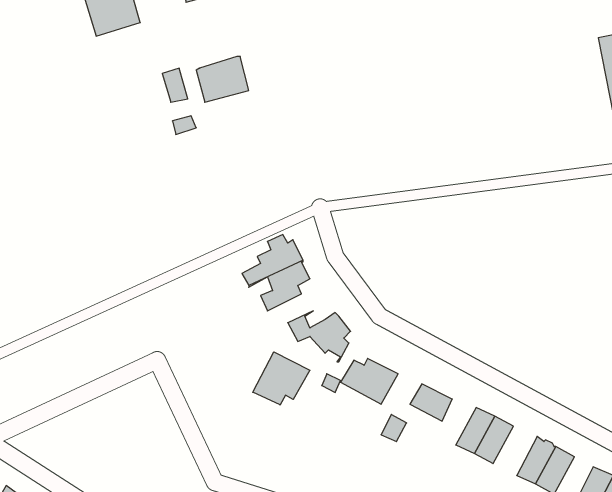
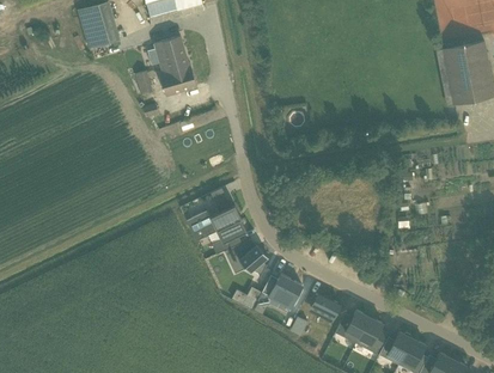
building: none -> [146,35,187,71]
building: [253,352,310,405] -> none

